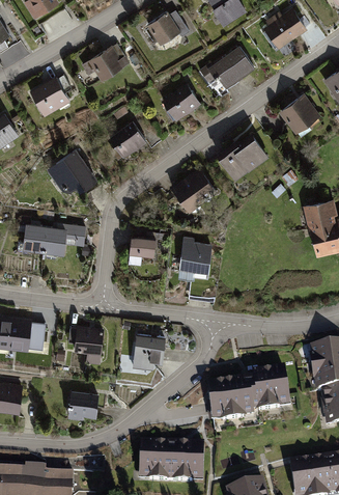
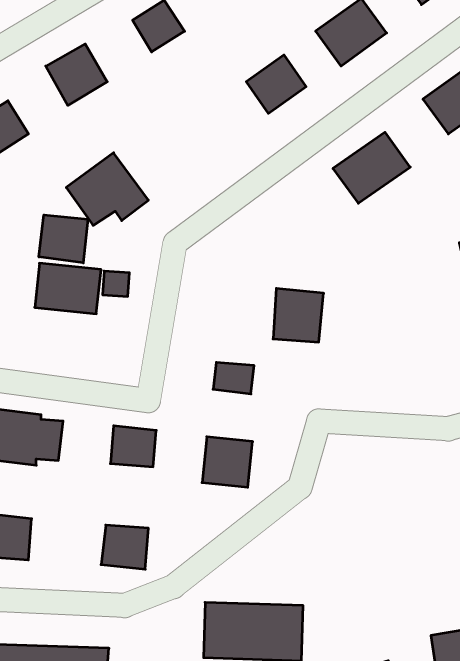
building: [109,119,147,157] -> none
building: [171,169,217,213] -> none
building: none -> [39,215,88,263]
building: [131,236,158,256] -> [213,362,254,394]
building: [207,367,290,421] -> none

